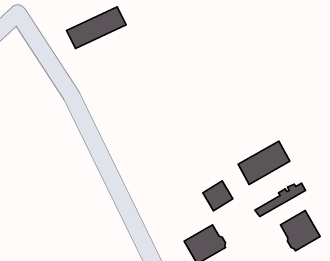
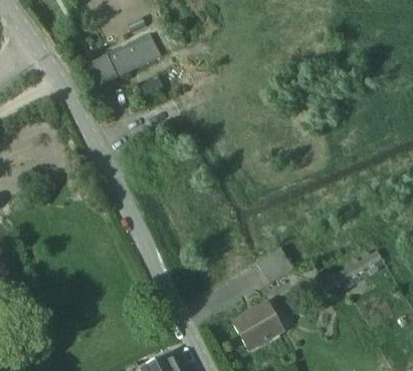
building: [238,141,290,184] -> none
building: [281,211,320,251] -> none

